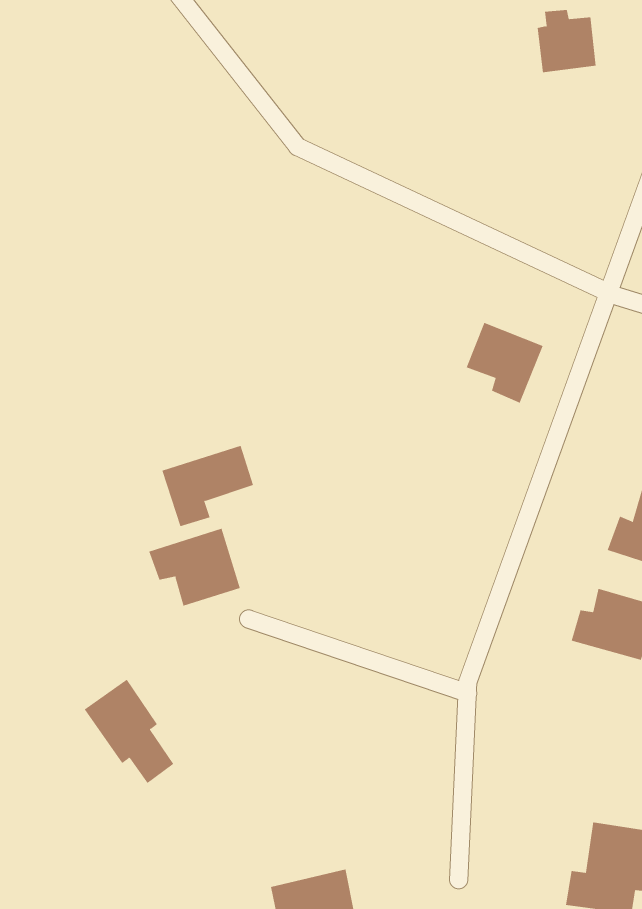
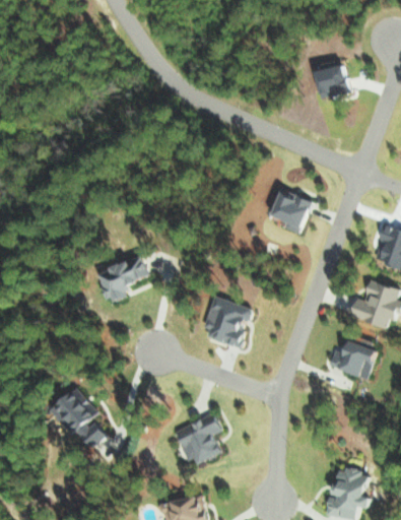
building: [537,10,597,73] -> [317,61,350,96]
building: none -> [203,296,253,348]
building: [149,528,240,607] -> none
building: none -> [173,411,222,464]

